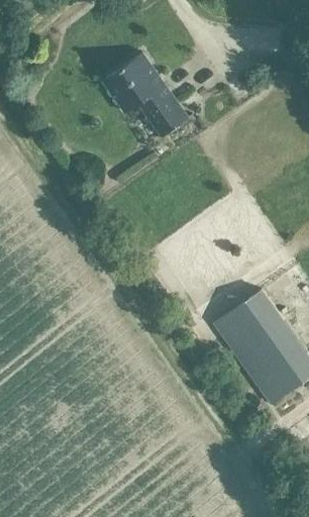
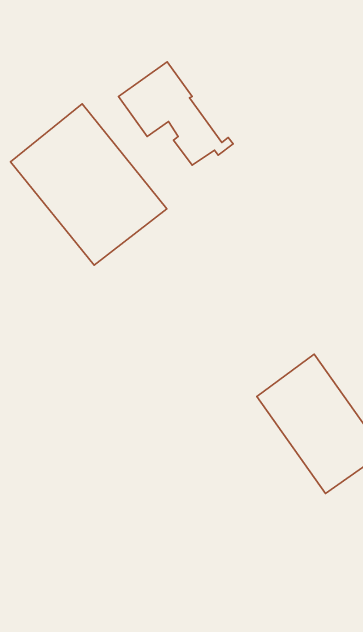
building: none -> [11,104,167,265]

